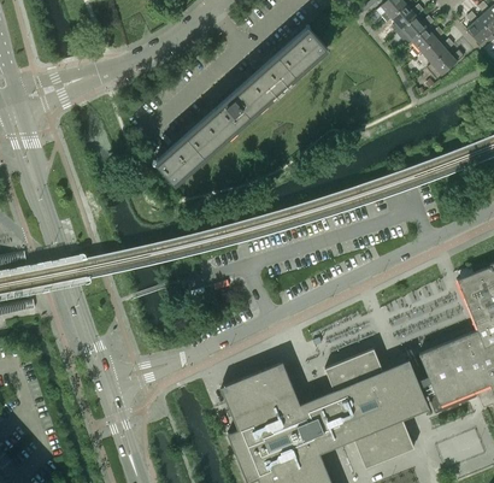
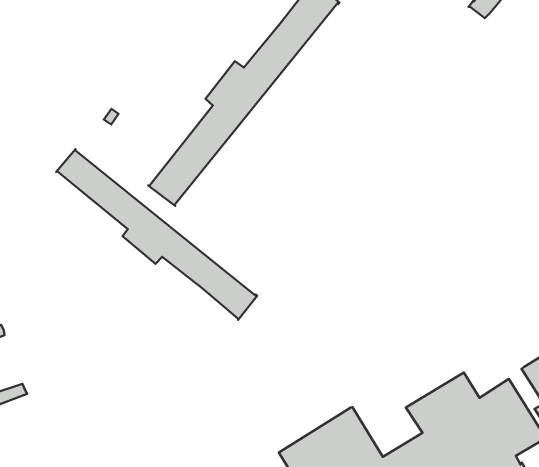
building: none -> [56,149,257,320]

